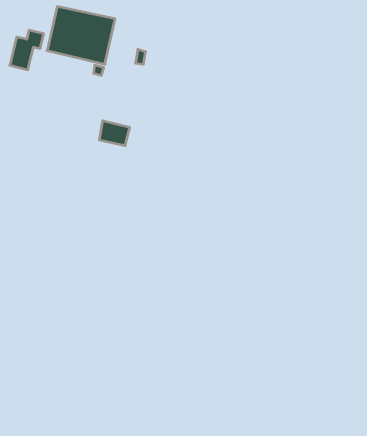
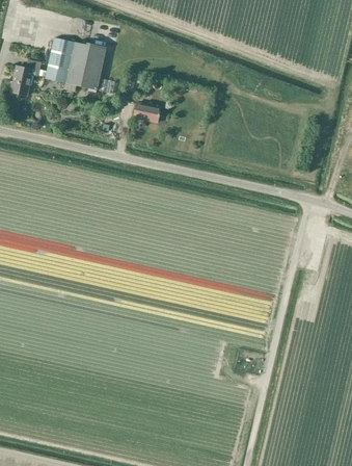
building: [99,121,130,146] -> [133,100,161,123]

